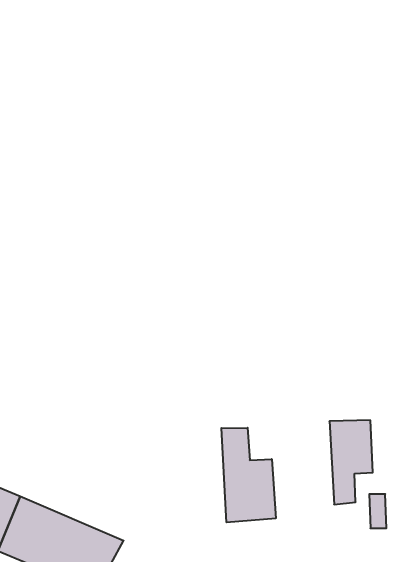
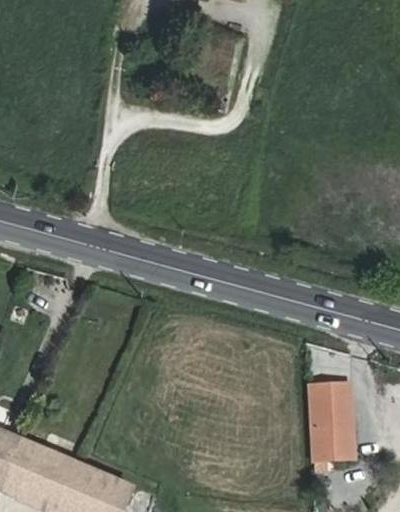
building: [221,428,276,522] -> none

